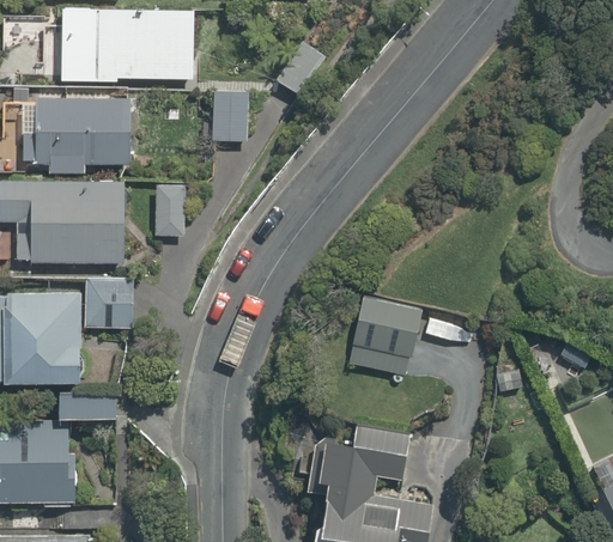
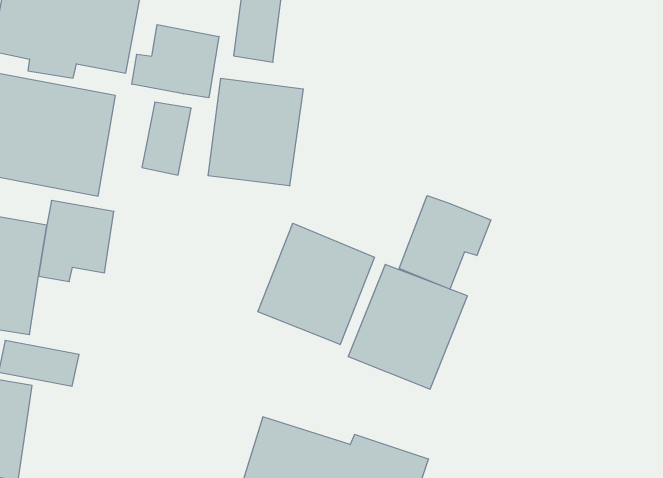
building: none -> [132,25,219,98]
building: none -> [208,78,303,186]
building: none -> [399,196,491,289]
building: none -> [258,223,374,345]

